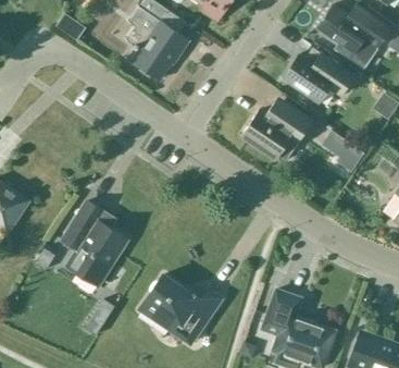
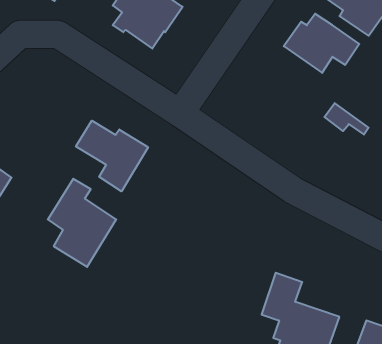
building: [242,101,313,160] -> none
building: none -> [76,121,148,191]
building: [140,274,221,343] -> none

